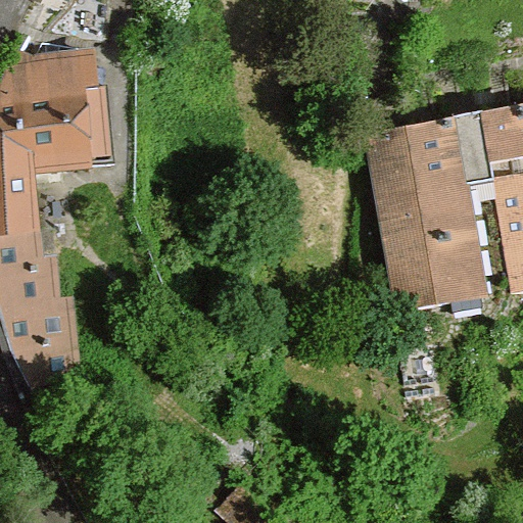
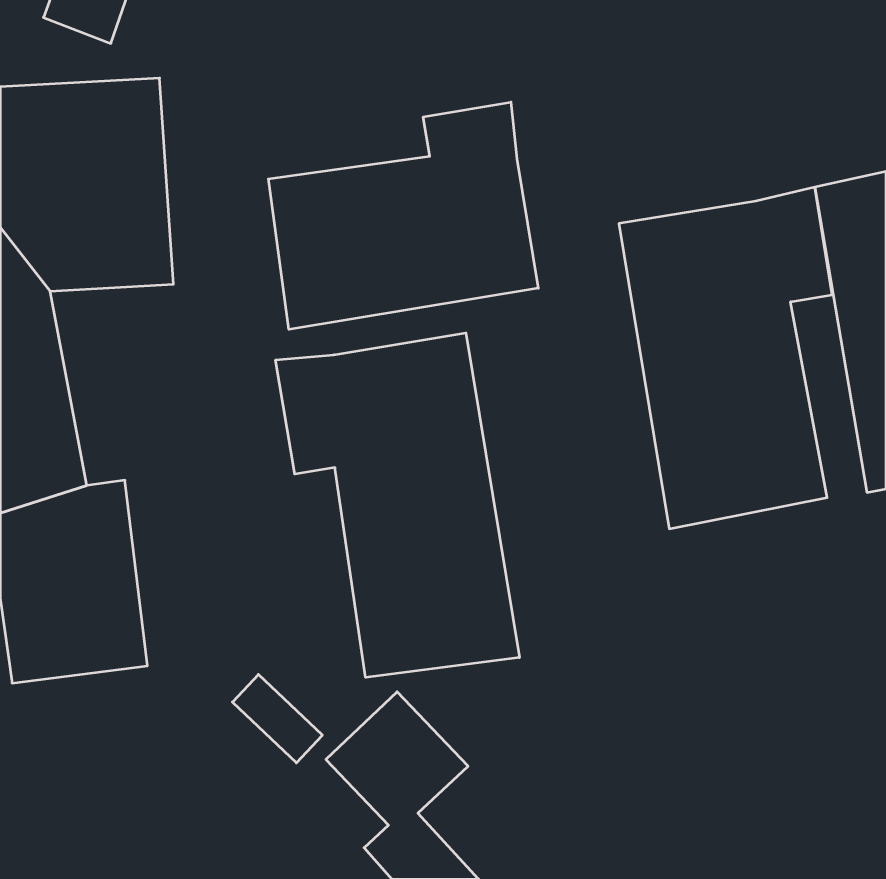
building: none -> [268,102,538,329]
building: none -> [276,333,519,677]

